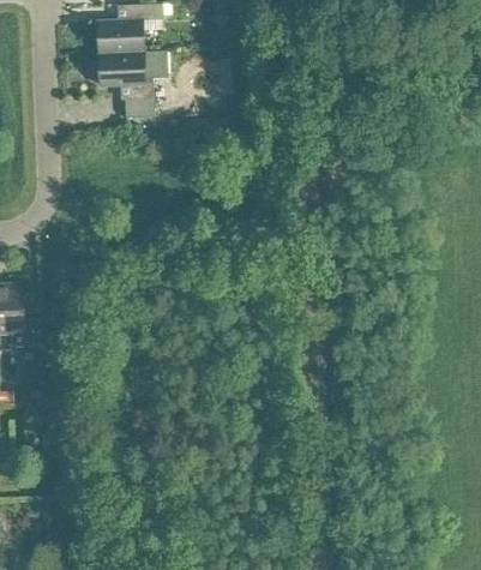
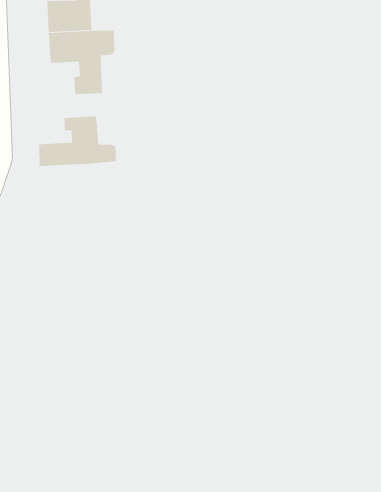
building: none -> [39,116,116,167]

